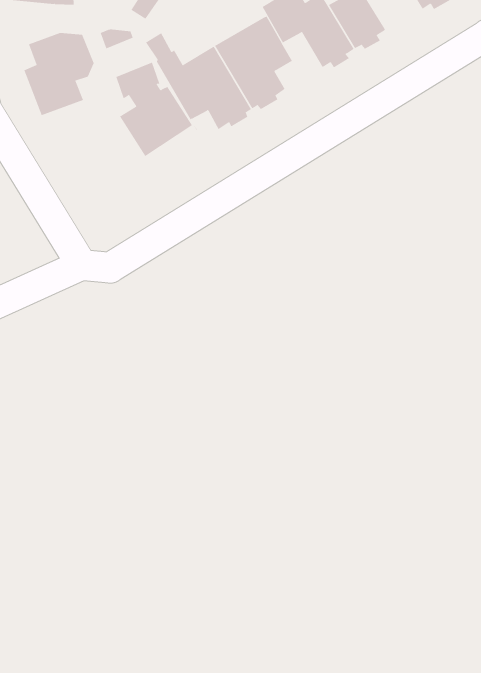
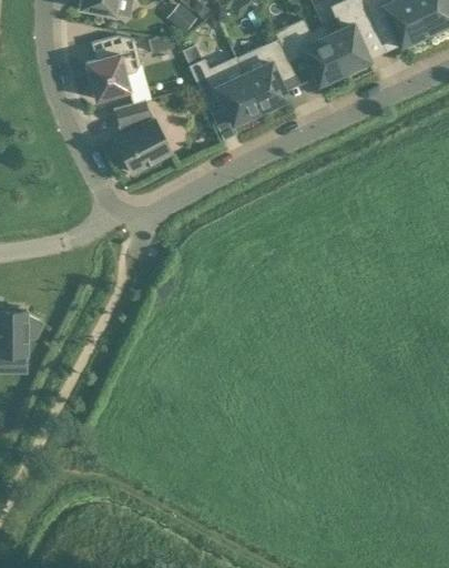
building: [115,62,193,157] -> [115,100,172,173]

